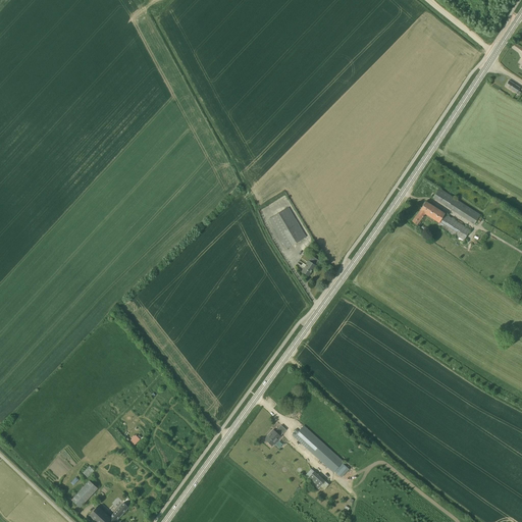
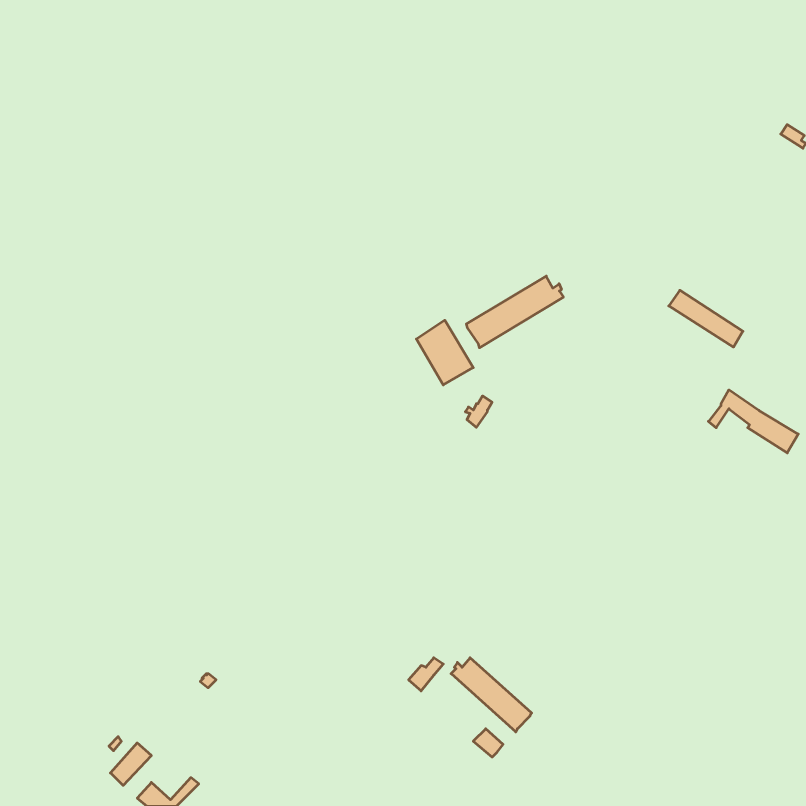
building: none -> [466,276,563,348]
building: [412,201,470,242] -> [708,390,798,453]

